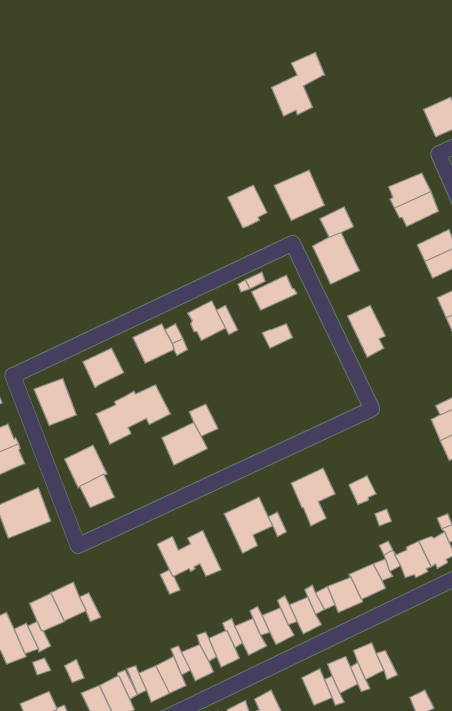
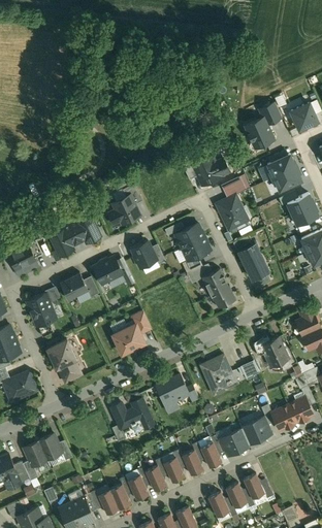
building: [271,52,325,116] -> [246,103,282,146]
building: [228,185,267,228] -> [112,196,139,225]
building: none -> [181,237,211,262]
building: none -> [8,245,36,271]
building: none -> [202,270,235,309]
building: [96,385,171,444] -> [51,218,101,258]
building: none -> [262,338,288,368]

